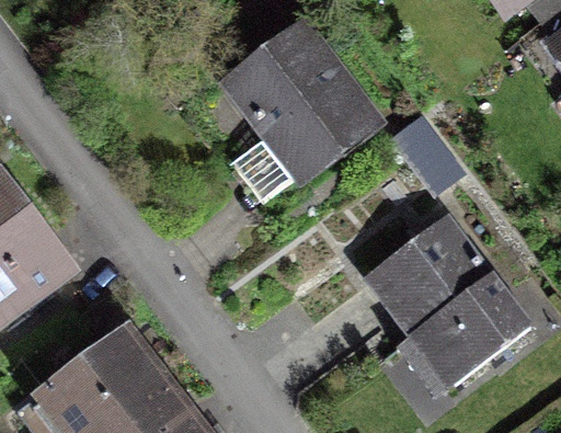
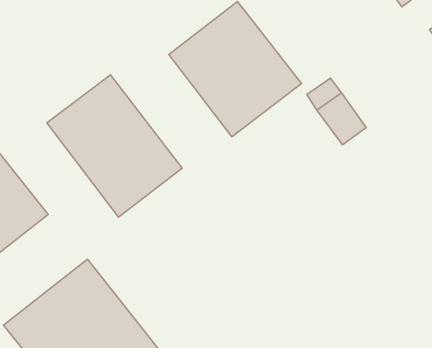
building: none -> [47,75,182,217]
building: [365,214,530,384] -> none

